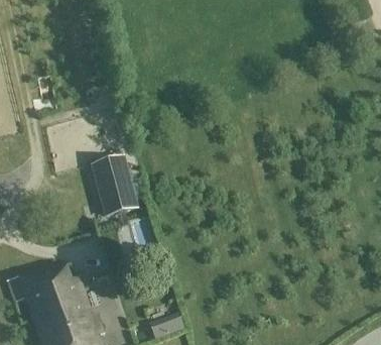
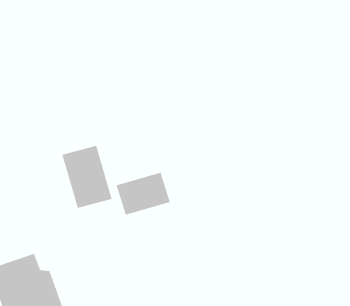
building: none -> [116,172,170,215]

